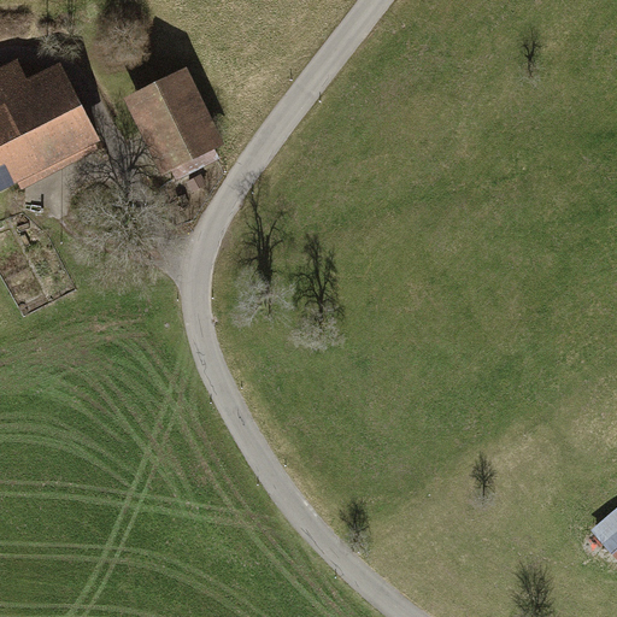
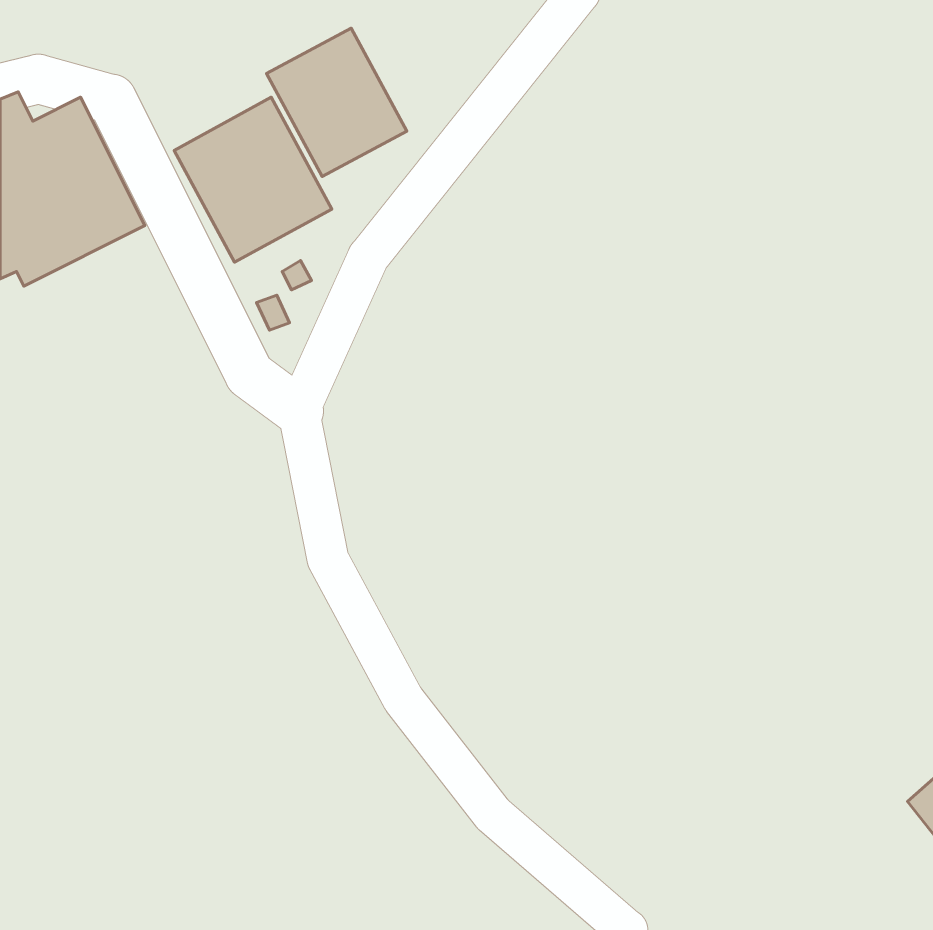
building: none -> [266,28,407,176]

